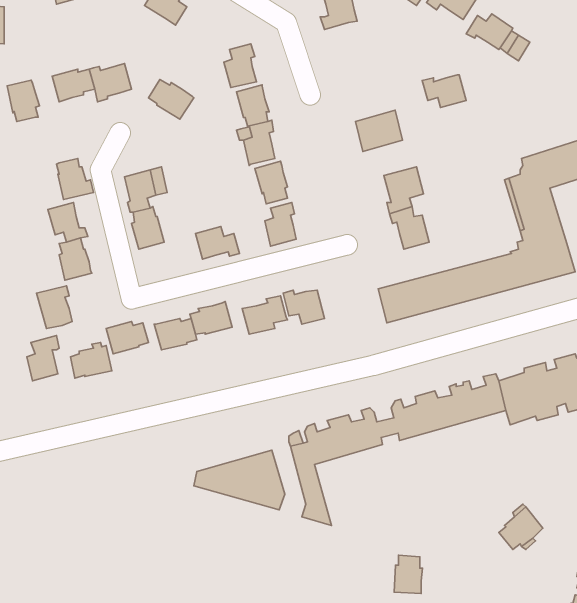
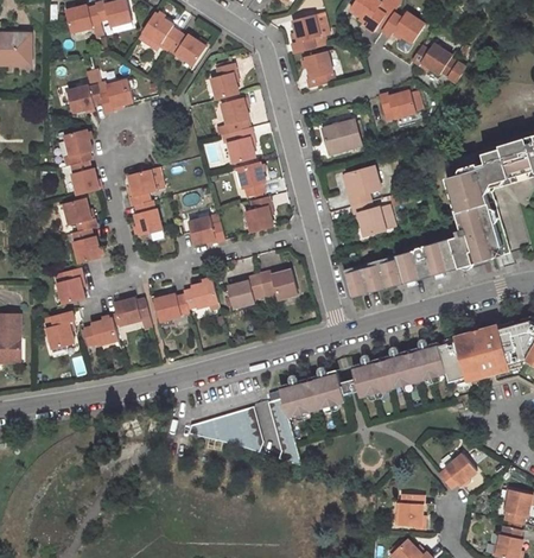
building: none -> [306,50,333,87]
building: [148,80,194,119] -> [171,33,209,66]
building: [7,80,40,121] -> [65,129,93,164]
building: [394,555,423,594] -> [399,494,422,526]

